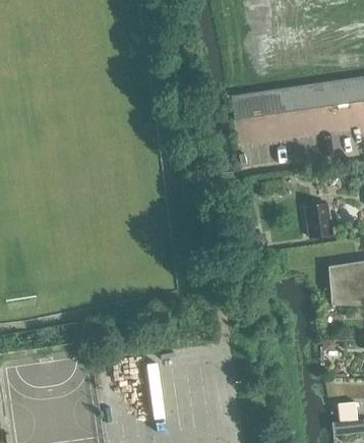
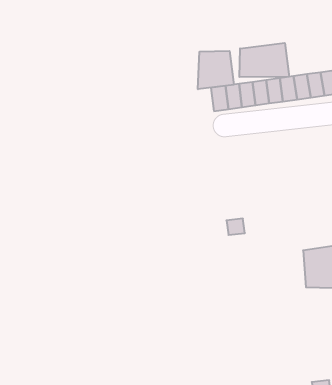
building: none -> [239,43,289,77]
building: none -> [198,51,234,89]
building: [306,204,332,237] -> none

